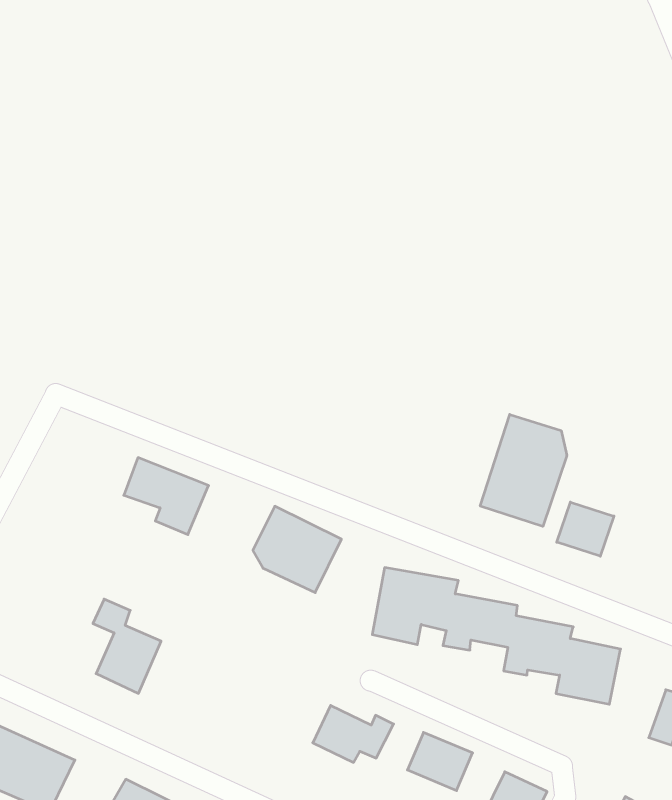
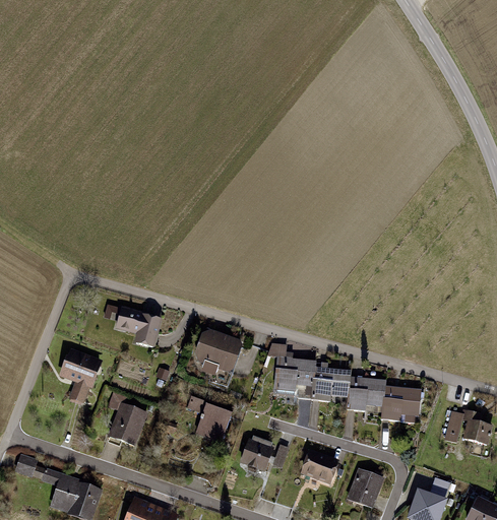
building: [480,414,567,526] -> none
building: [557,502,614,556] -> none
building: none -> [59,349,105,404]
building: none -> [195,402,236,444]

